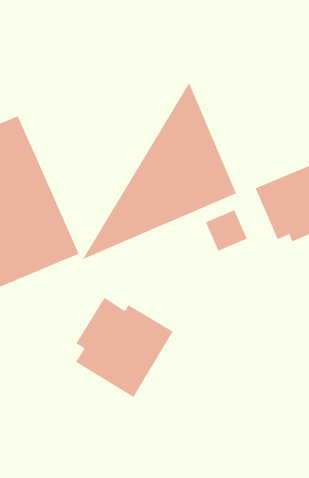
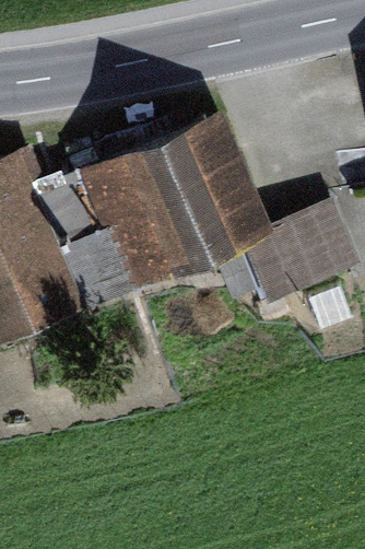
building: none -> [42,121,203,306]
building: [75,297,173,398] -> none

